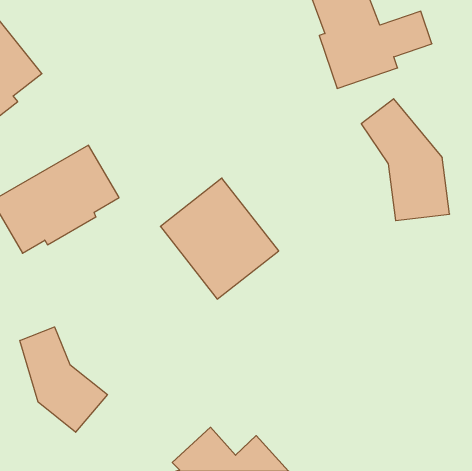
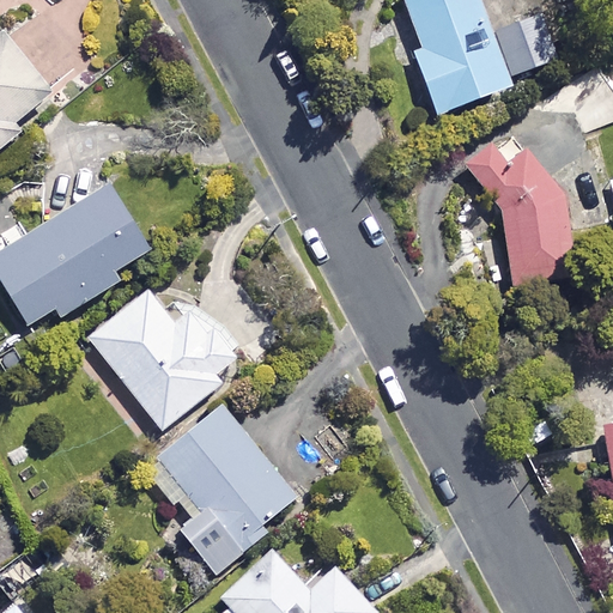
building: [160,178,279,299] -> [89,274,241,430]
building: none -> [147,406,303,572]
building: [20,327,107,432] -> none

